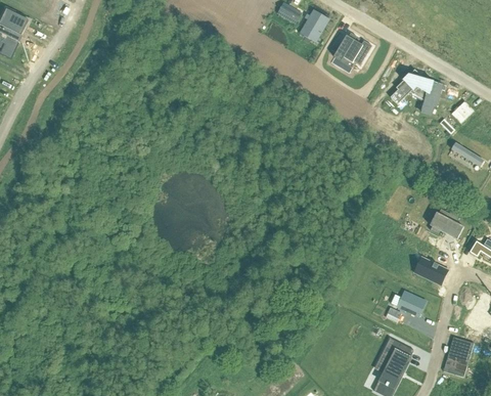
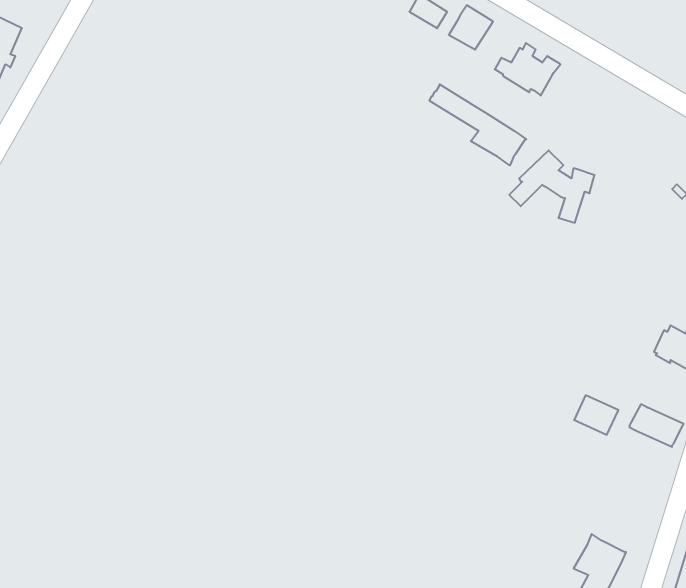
building: none -> [430,84,526,165]
building: [390,70,443,115] -> [509,150,595,223]
building: [397,292,425,316] -> [574,395,618,435]

